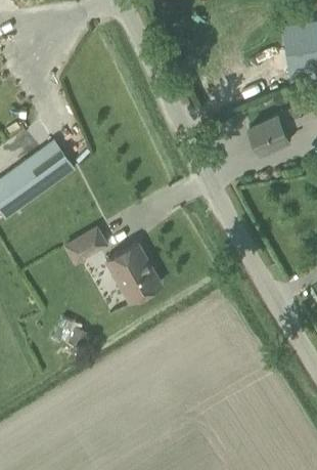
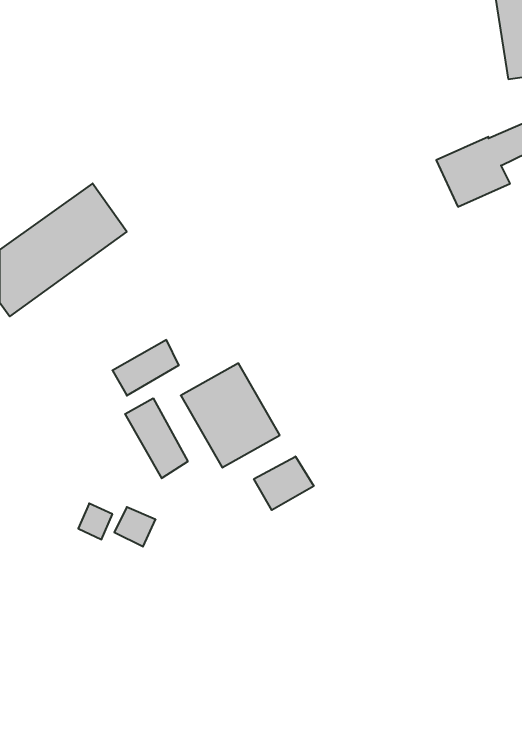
building: none -> [125,398,188,478]
building: none -> [254,456,314,510]

